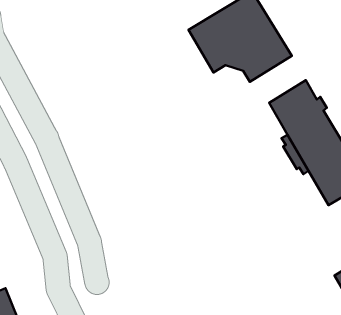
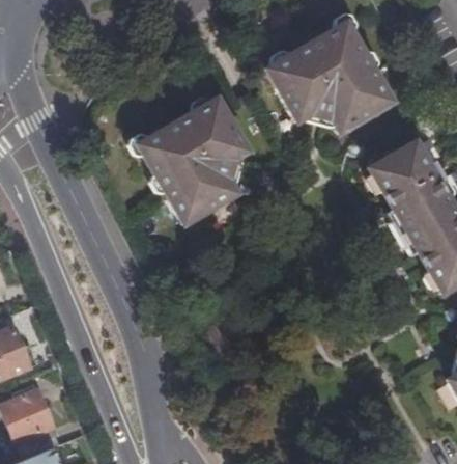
building: none -> [138,99,249,226]

